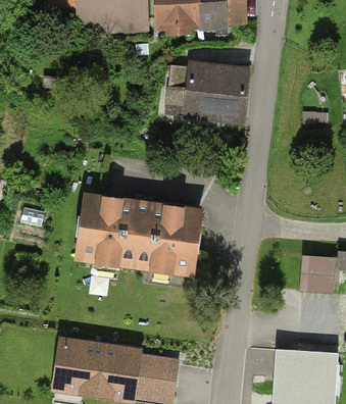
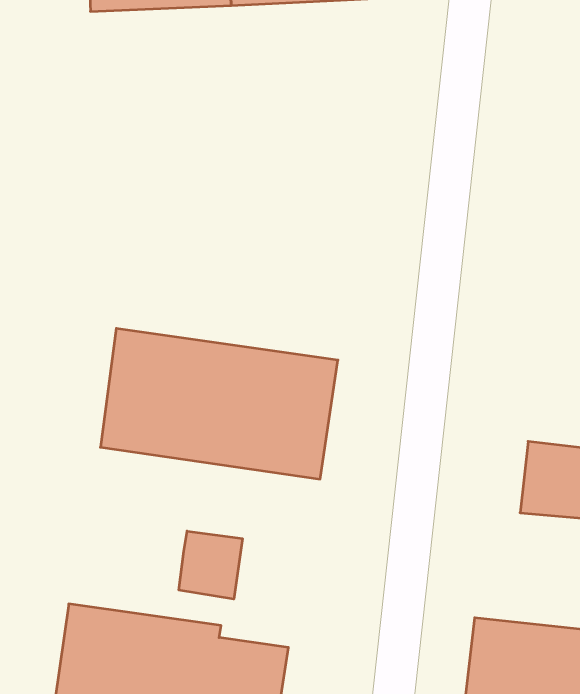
building: [178,59,252,128] -> none
building: none -> [179,531,242,599]

